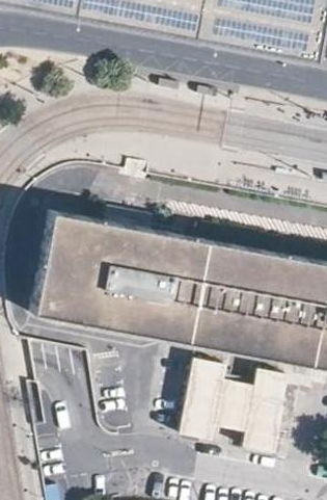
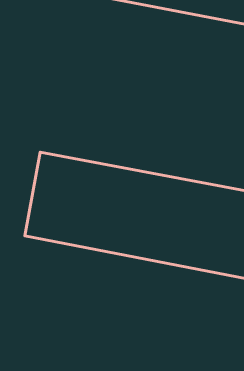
building: [183,357,292,448] -> none

